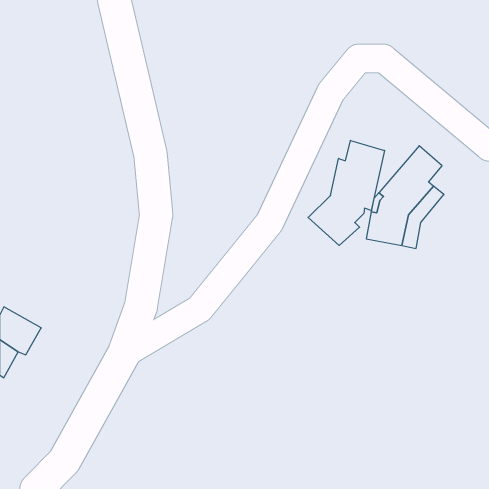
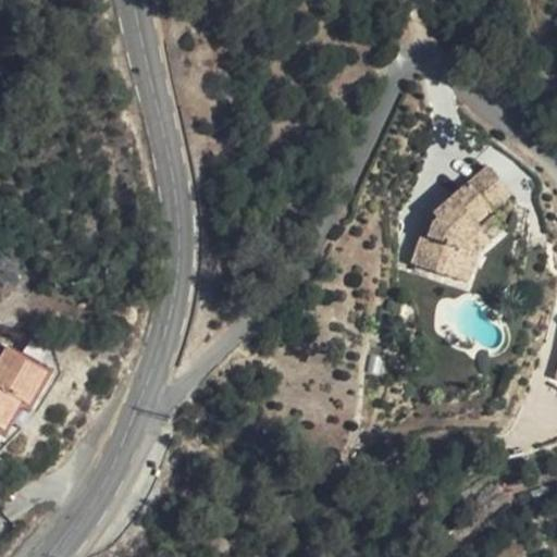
building: [308,140,385,245] -> none

